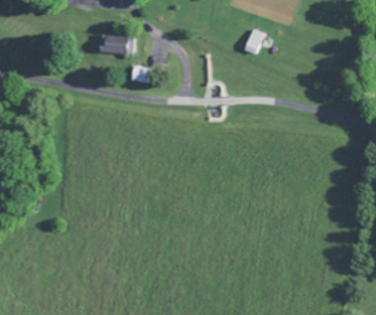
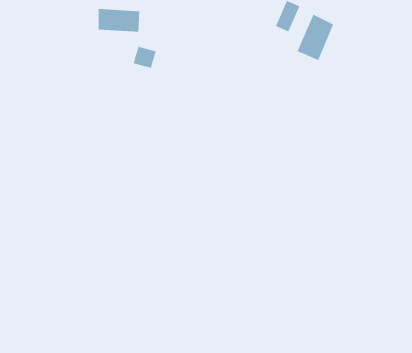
building: none -> [297,14,334,61]

